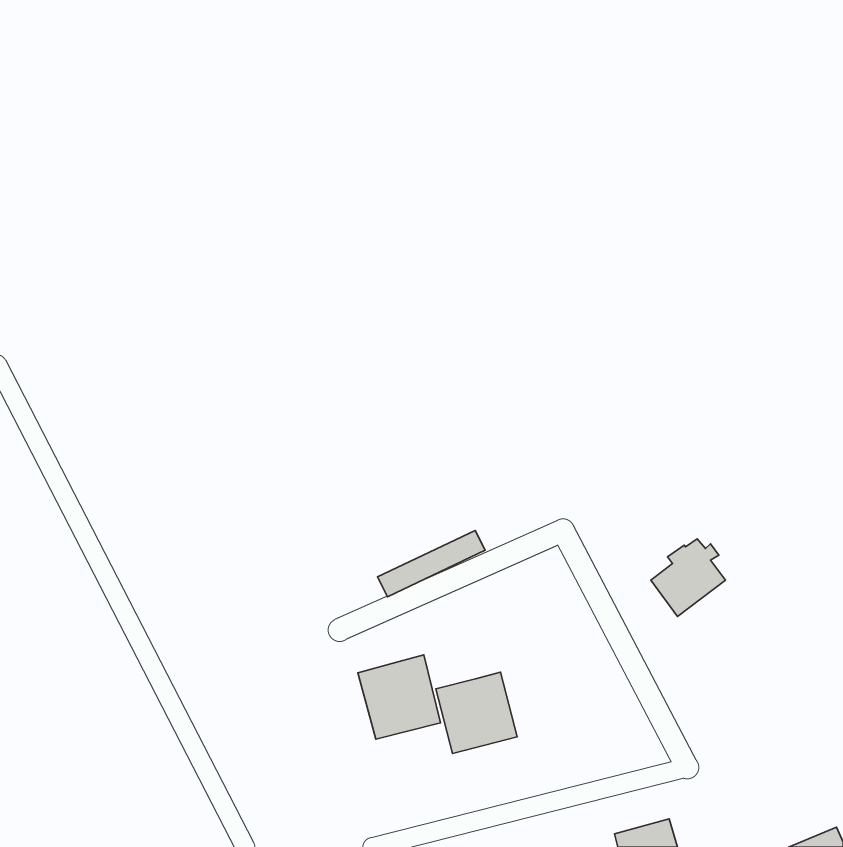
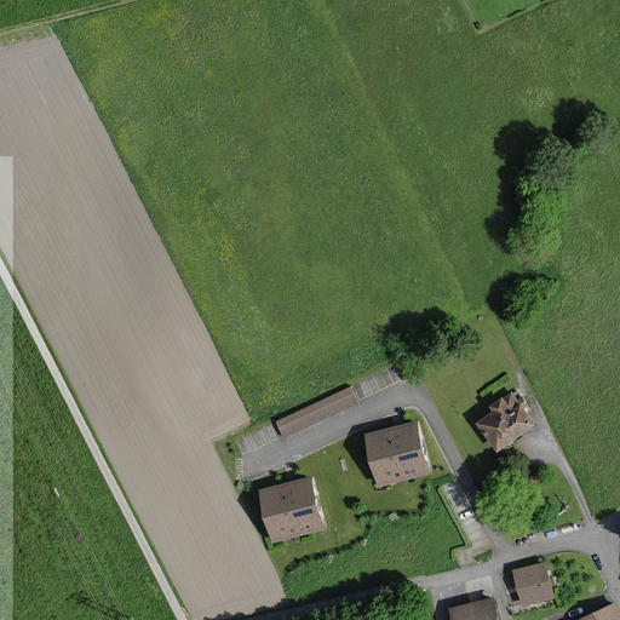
building: [436,672,517,754] -> [367,424,426,483]
building: none -> [512,564,550,604]

